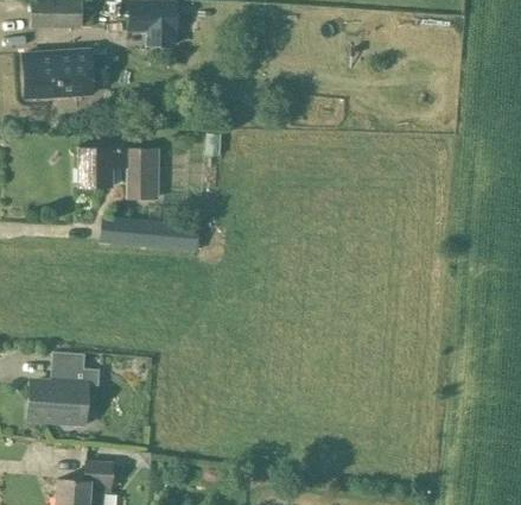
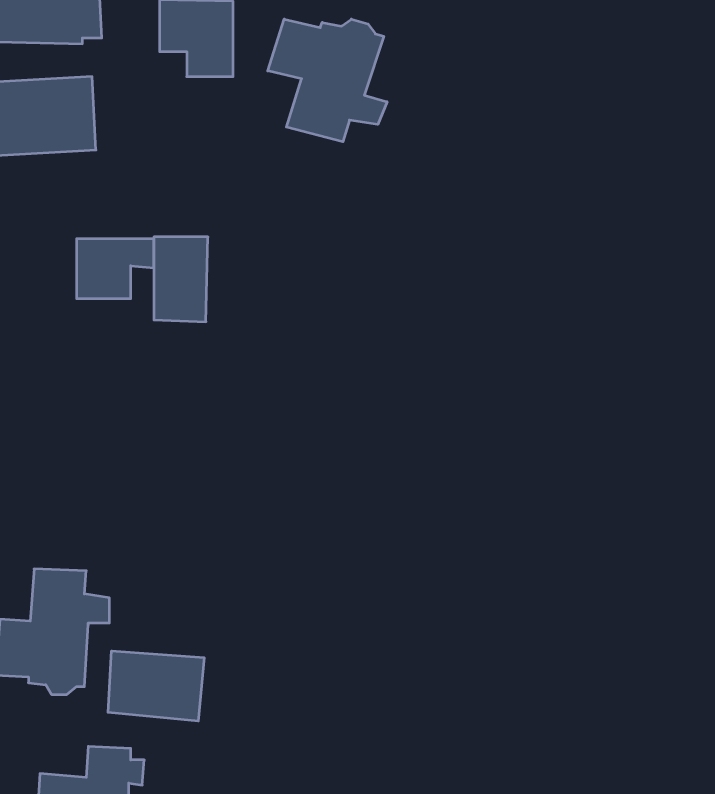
building: none -> [268,19,387,142]
building: [100,217,201,252] -> none
building: none -> [108,651,204,721]

